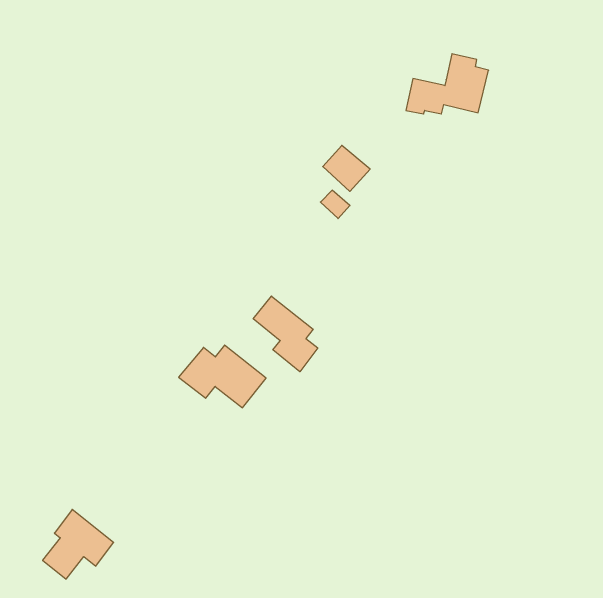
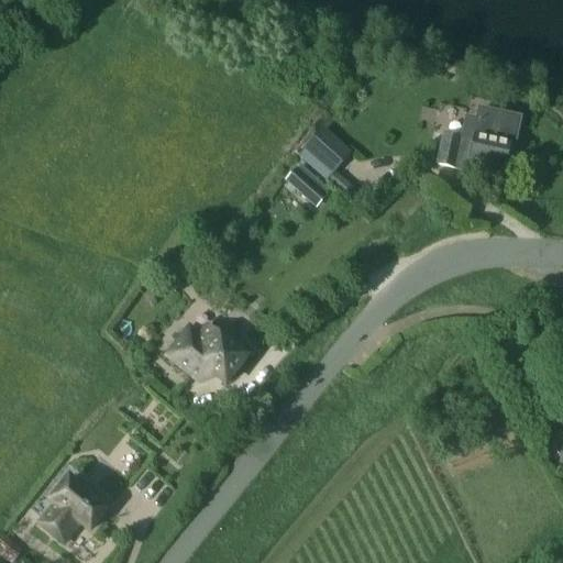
building: [406,54,489,114] -> [435,107,512,163]
building: [253,296,318,372] -> none

